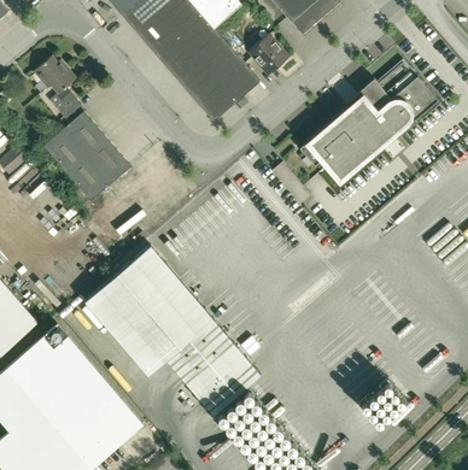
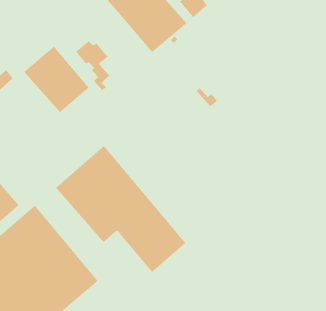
building: [33,55,80,123] -> [75,40,110,91]
building: [299,64,438,182] -> none

